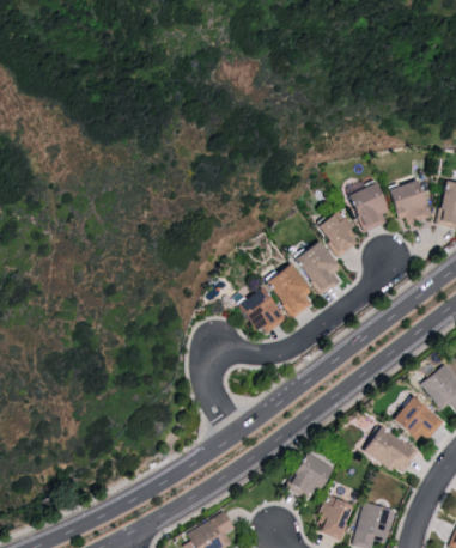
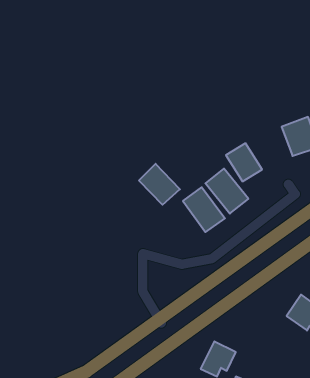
building: [347,181,393,232] -> none
building: [237,286,287,336] -> [139,164,180,205]
building: [363,425,413,475] -> none

